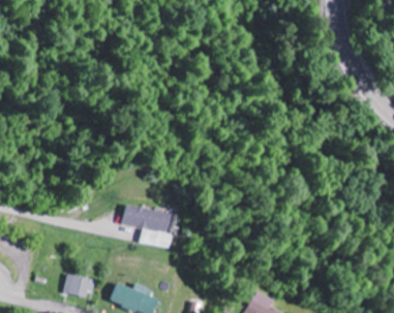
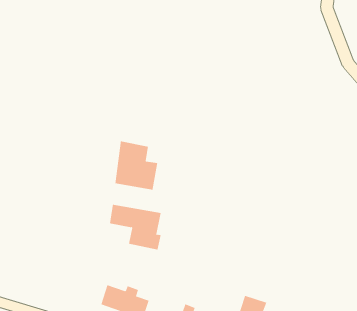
building: none -> [115,141,158,190]
building: [64,275,93,296] -> none

